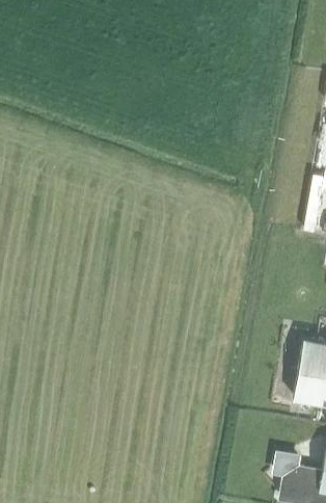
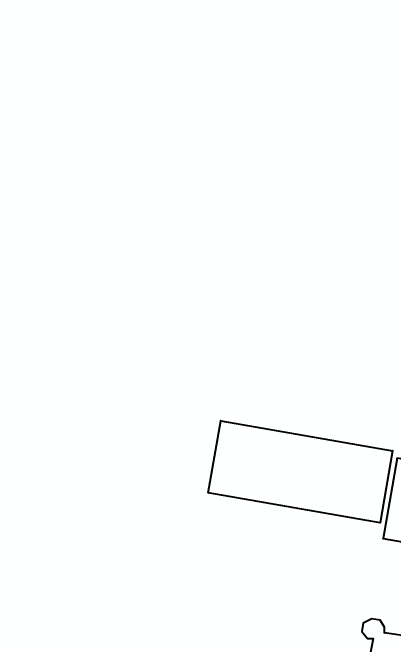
building: none -> [208,421,393,523]

